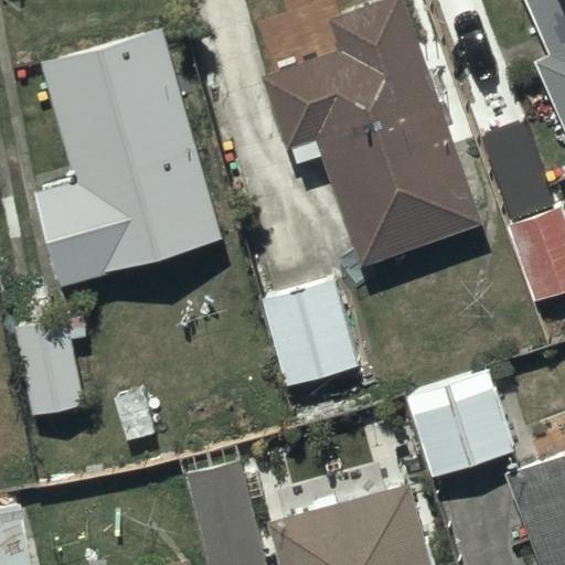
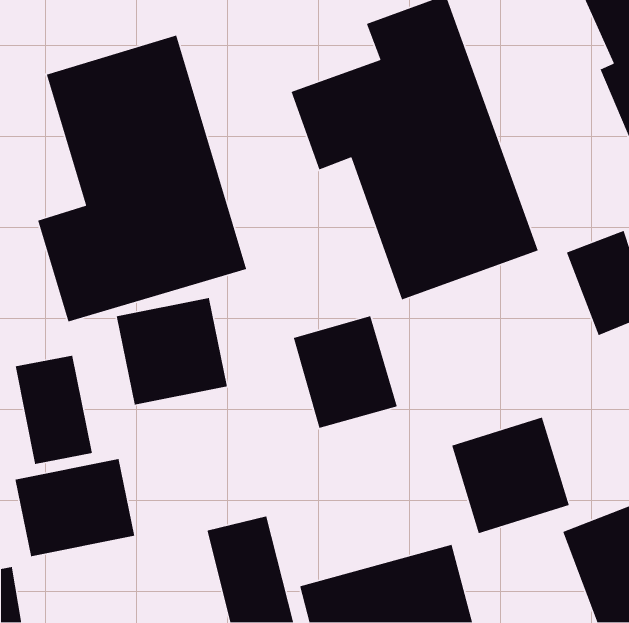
building: none -> [116,297,228,406]
building: none -> [15,458,135,557]

